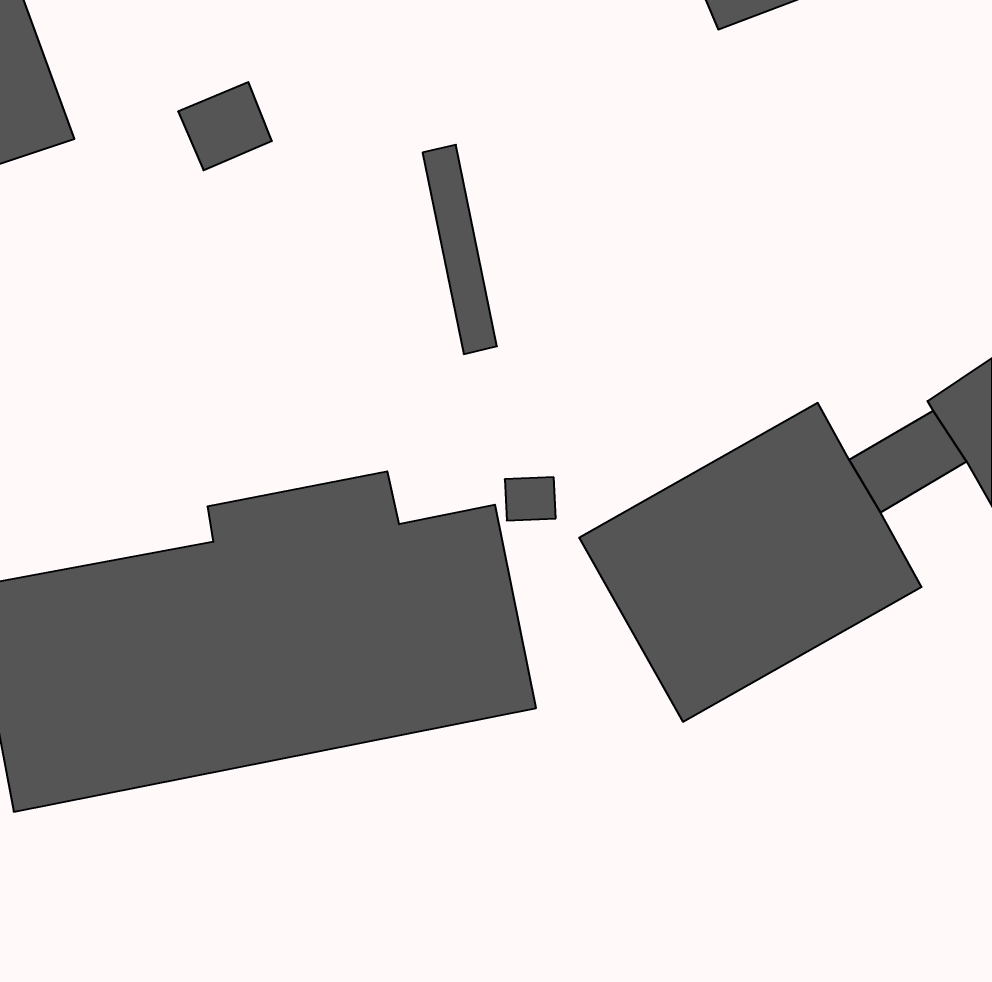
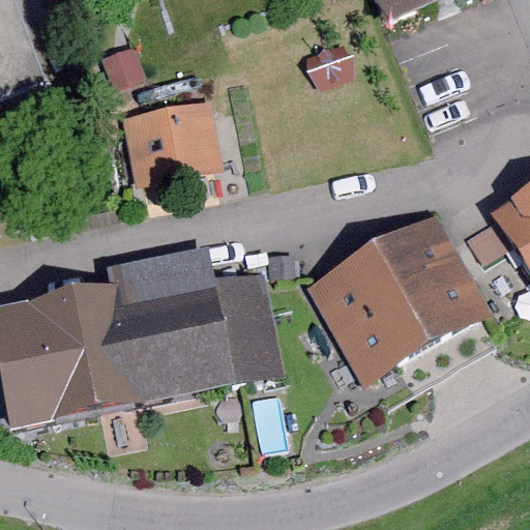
building: none -> [120,99,220,185]

